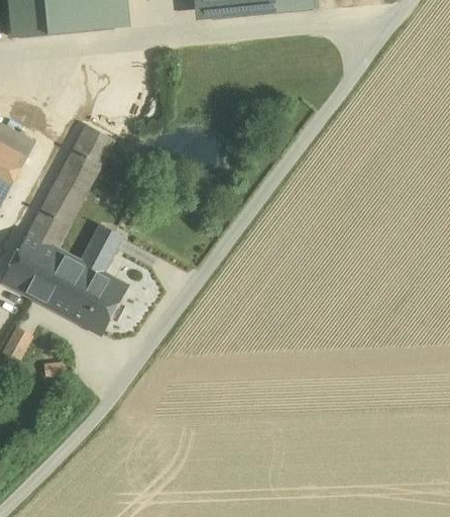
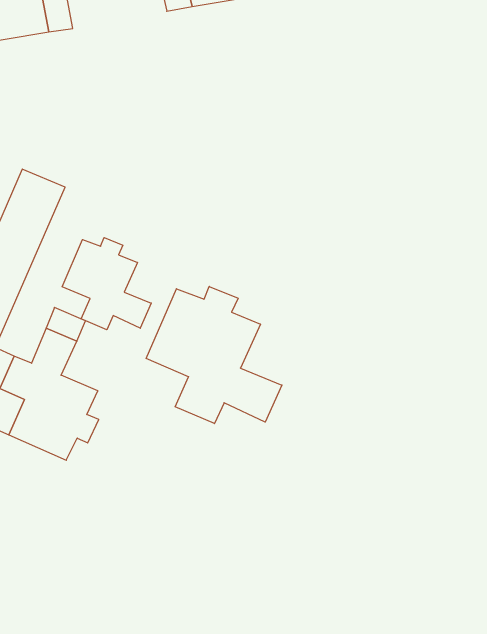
building: none -> [62,238,151,330]
building: none -> [146,286,282,424]

